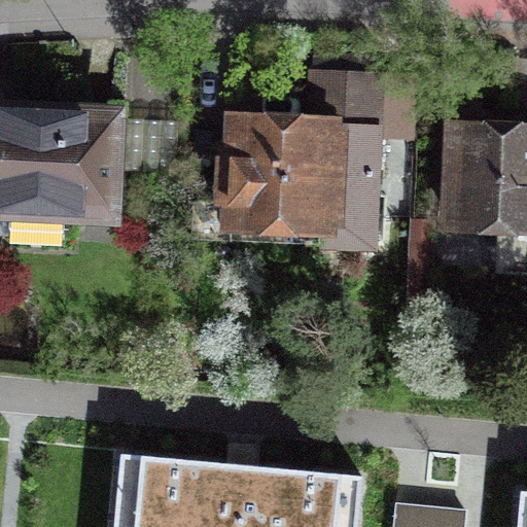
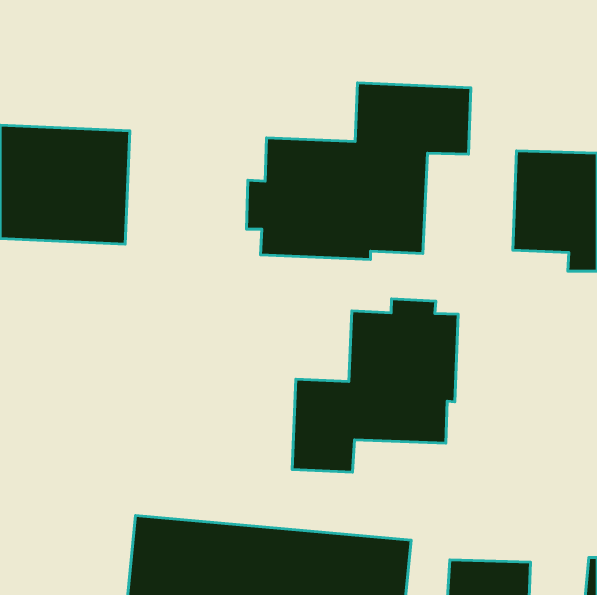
building: none -> [292,299,458,472]

